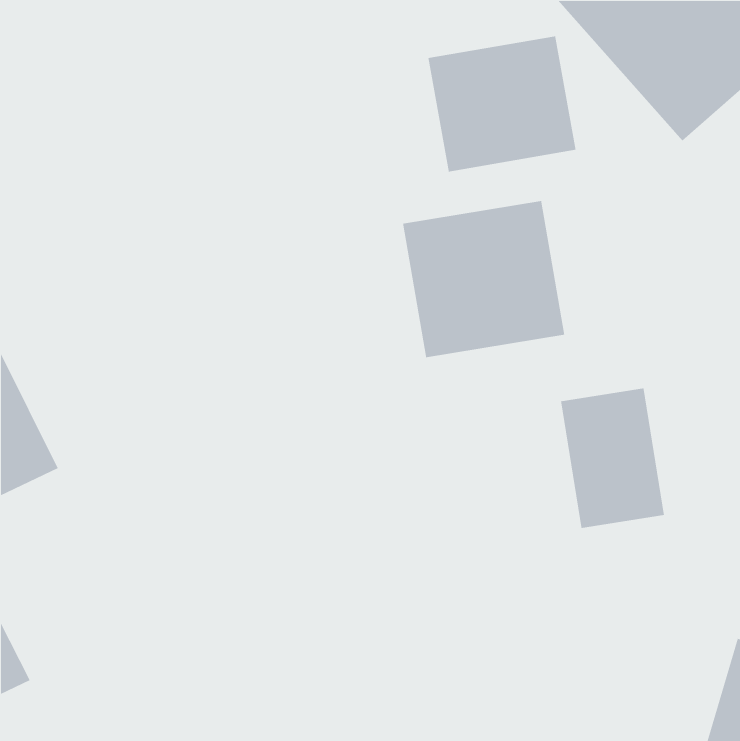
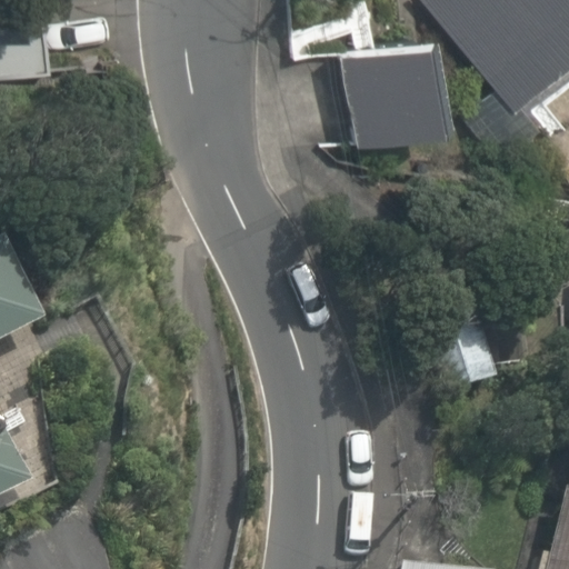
building: [402,200,565,358] -> none

